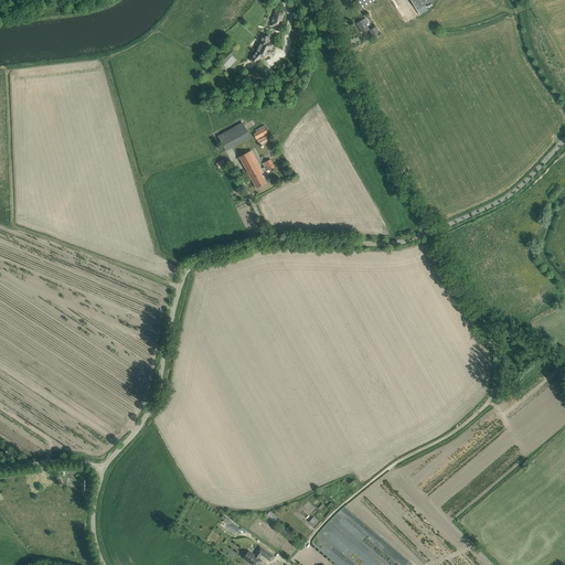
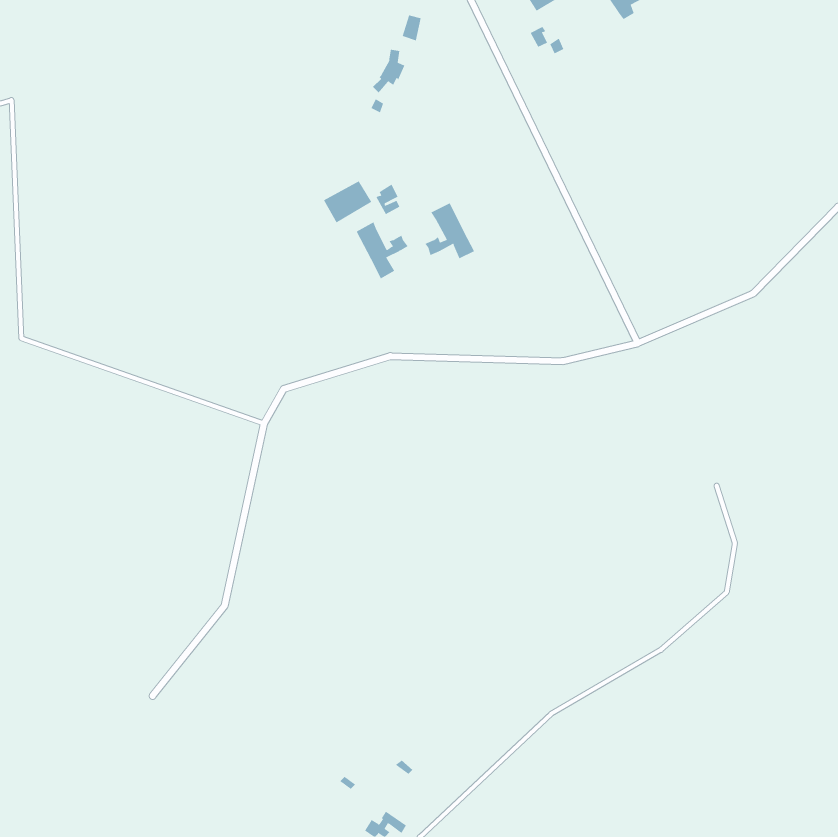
building: none -> [425,203,475,259]

